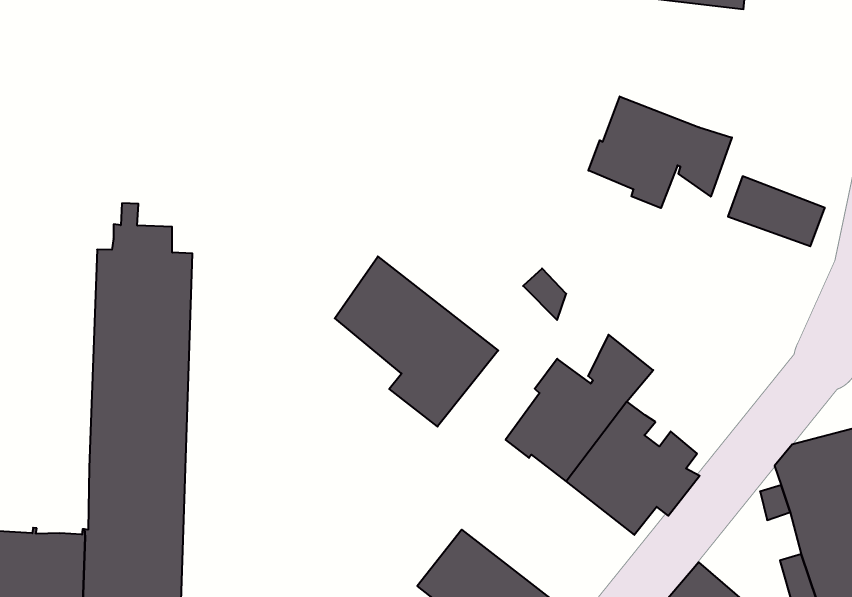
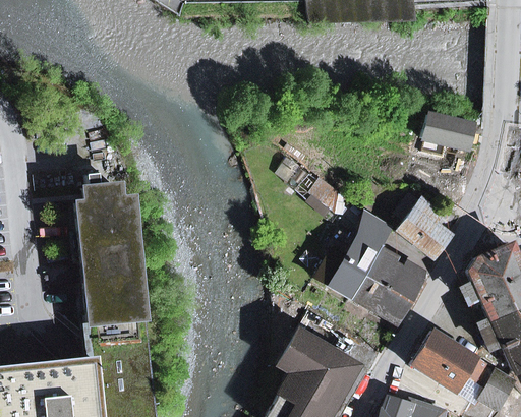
building: [588,96,732,208] -> none
building: [335,256,498,427] -> none
building: none -> [391,194,449,256]

